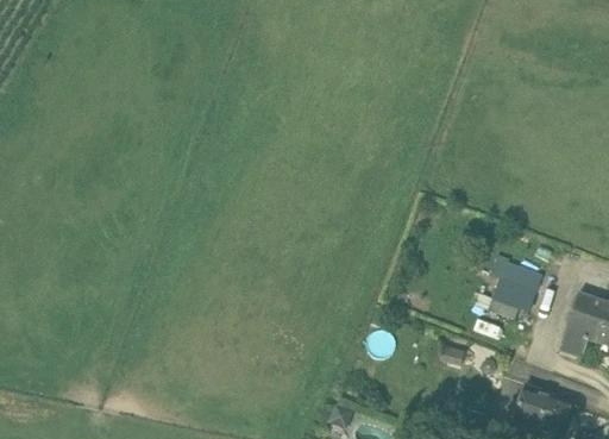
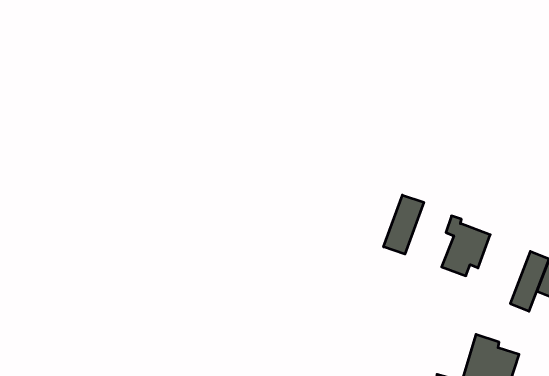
building: none -> [384,195,424,254]

